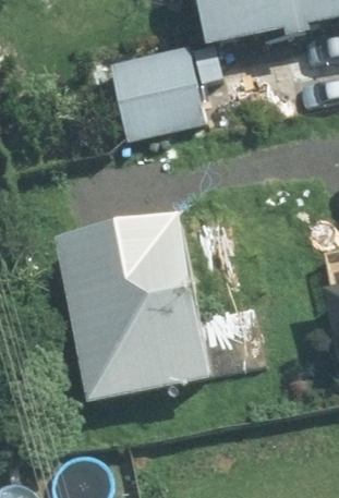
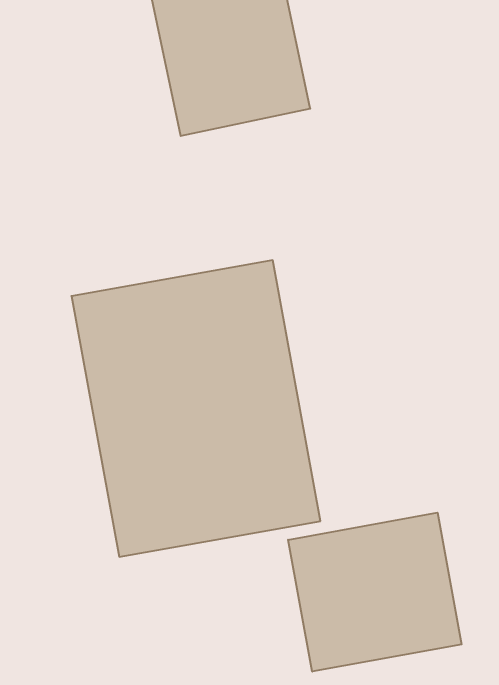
building: none -> [288,513,462,672]

